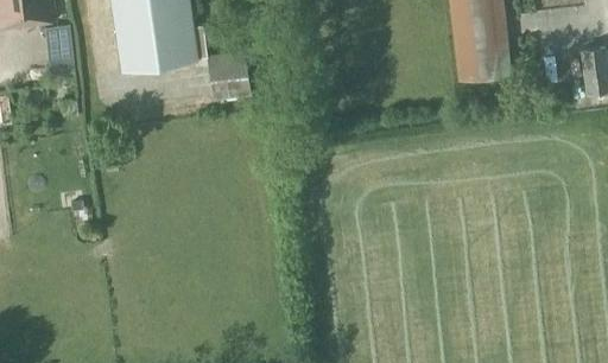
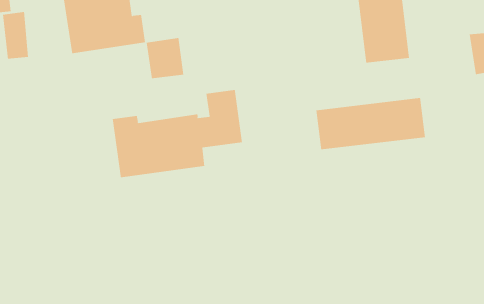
building: none -> [112,89,242,178]
building: none -> [316,97,425,150]

